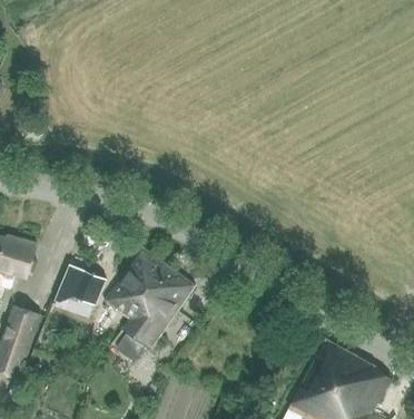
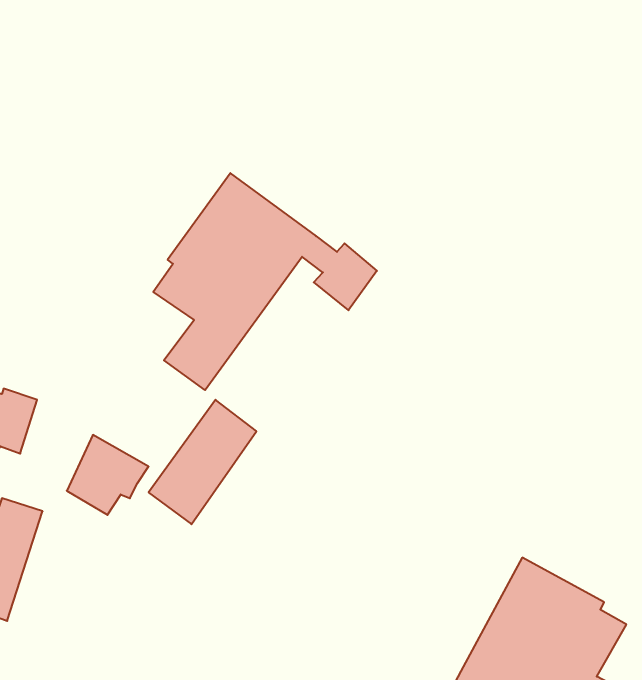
building: none -> [153,173,377,390]
building: [115,265,196,361] -> none

